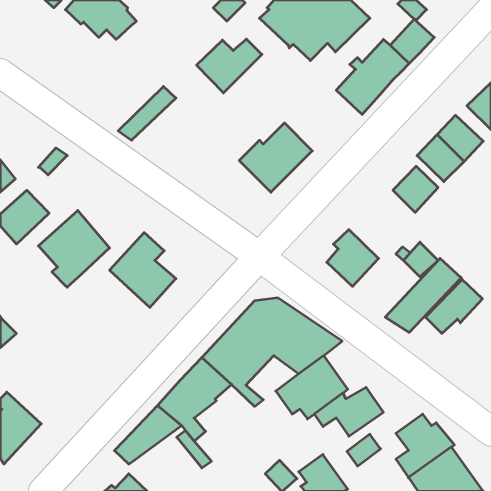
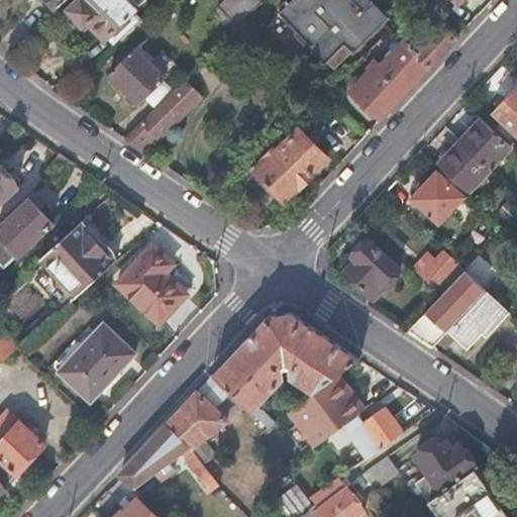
building: [197,39,262,93] -> [109,49,178,106]
building: none -> [58,324,134,401]

